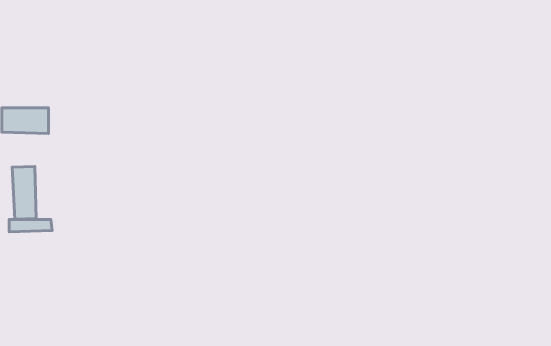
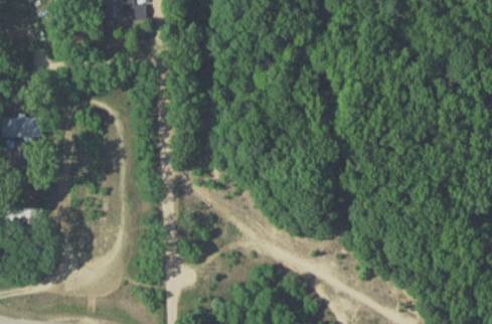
building: [12,166,36,219] -> none

